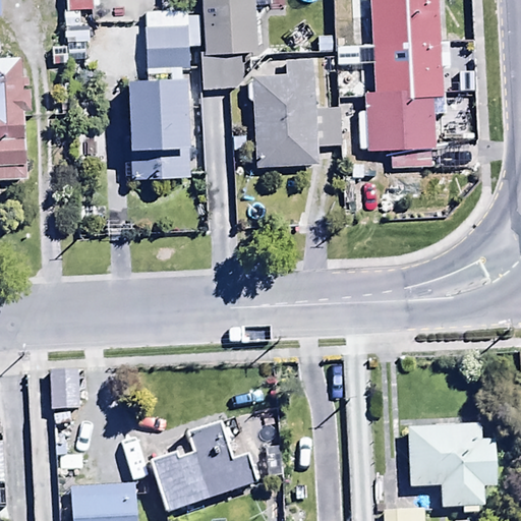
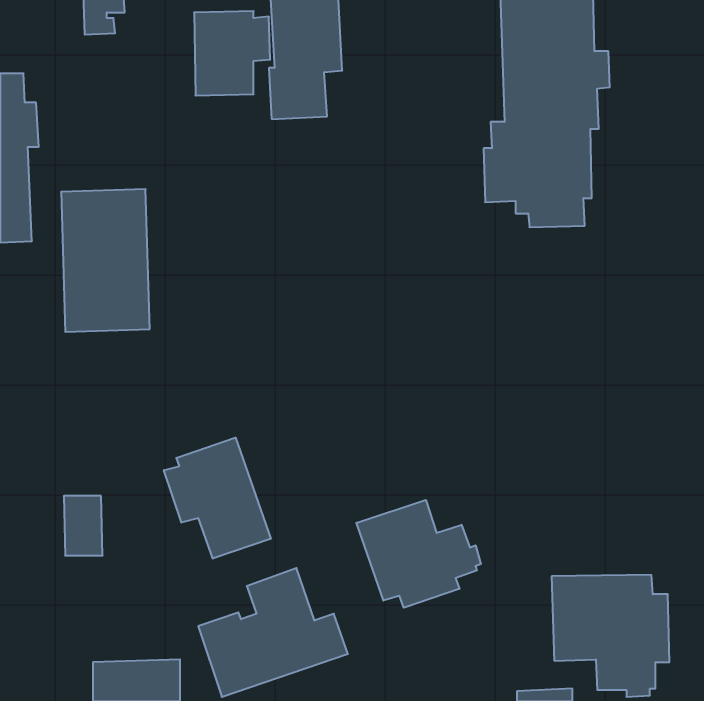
building: [251,71,355,168] -> none
building: [126,73,191,178] -> [61,189,150,332]
building: none -> [164,438,271,559]
building: none -> [356,500,481,608]

